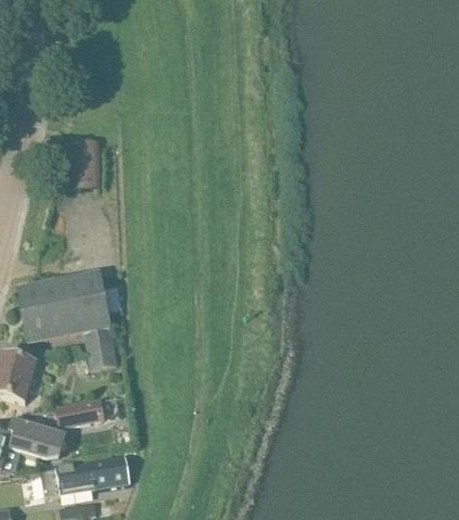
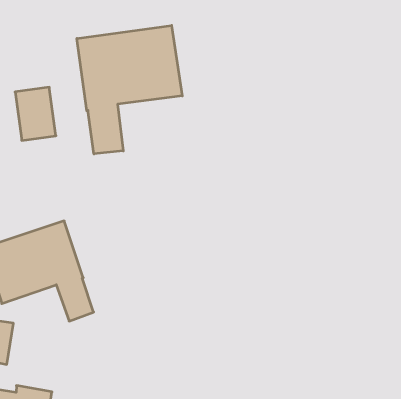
building: none -> [77,25,182,154]
building: [50,398,97,424] -> none

